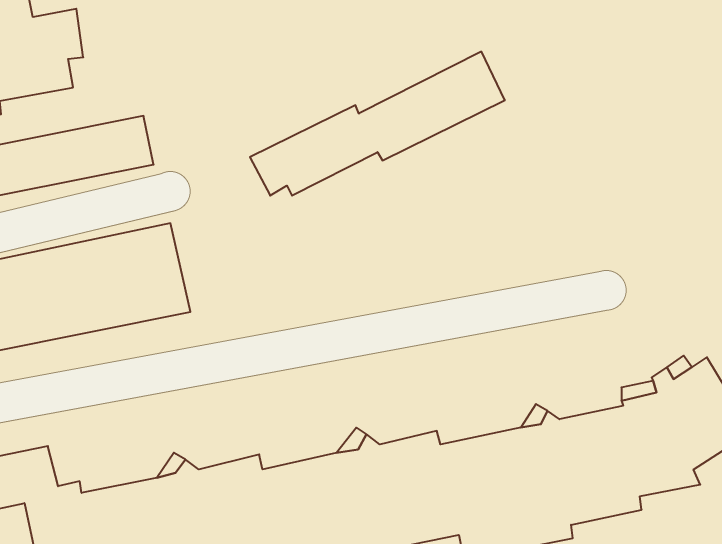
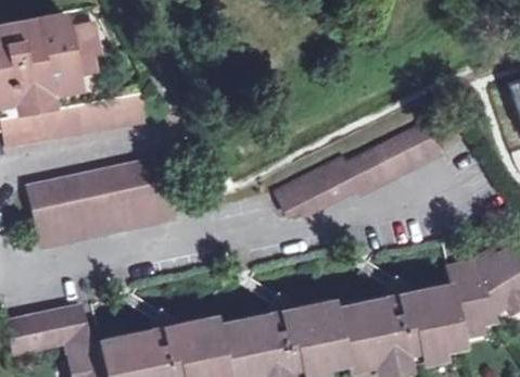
building: [250,52,505,196] -> [275,126,440,219]

